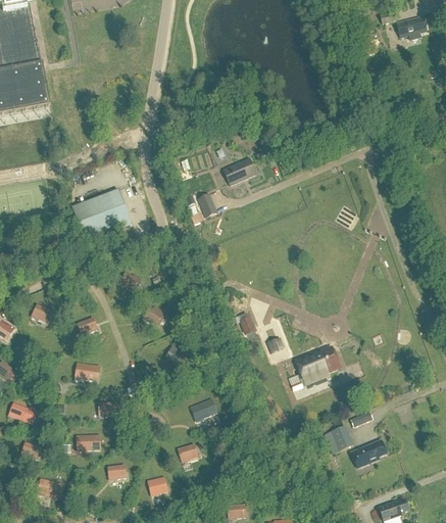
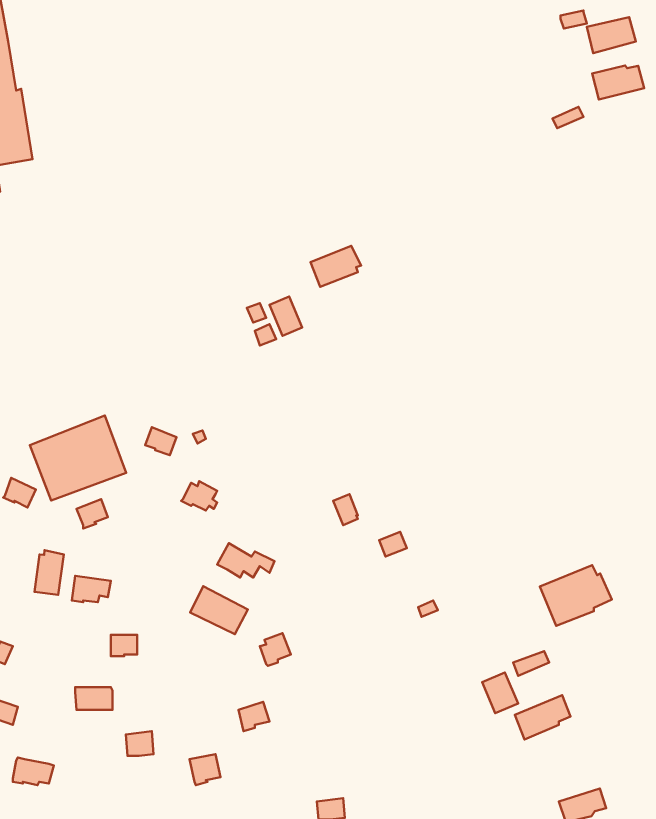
building: none -> [592,66,644,99]
building: [71,188,132,241] -> [30,416,126,501]
building: [295,345,340,383] -> [540,565,612,626]
building: none -> [35,550,64,595]
building: none -> [190,586,248,634]

